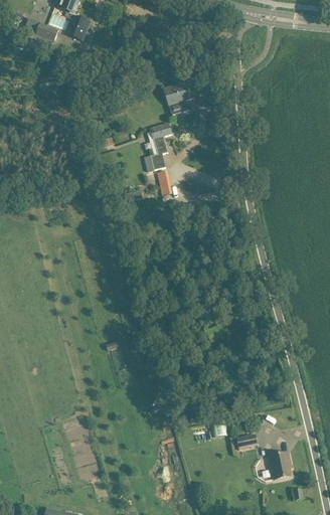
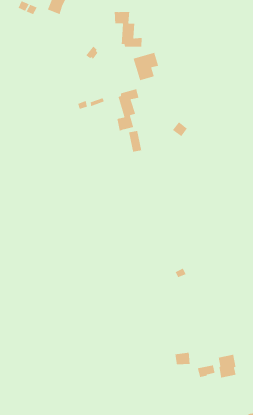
building: none -> [114,11,143,47]
building: [270,451,291,479] -> [218,354,236,379]

